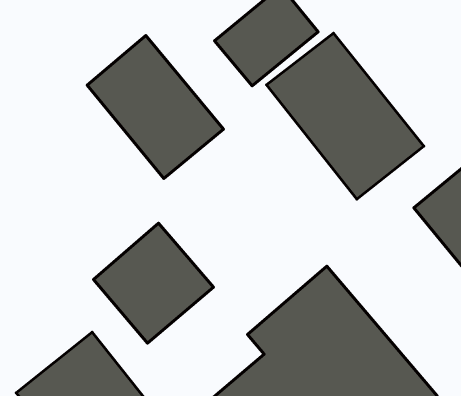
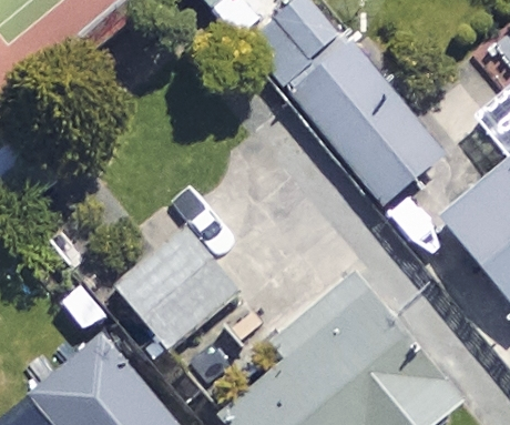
building: [87,36,223,179] -> none

